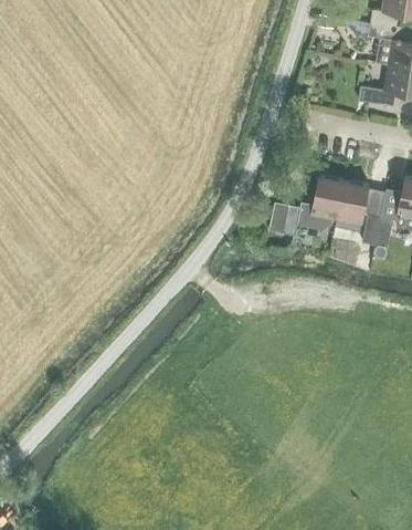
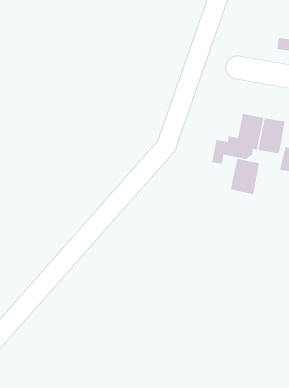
building: none -> [230,158,260,195]

